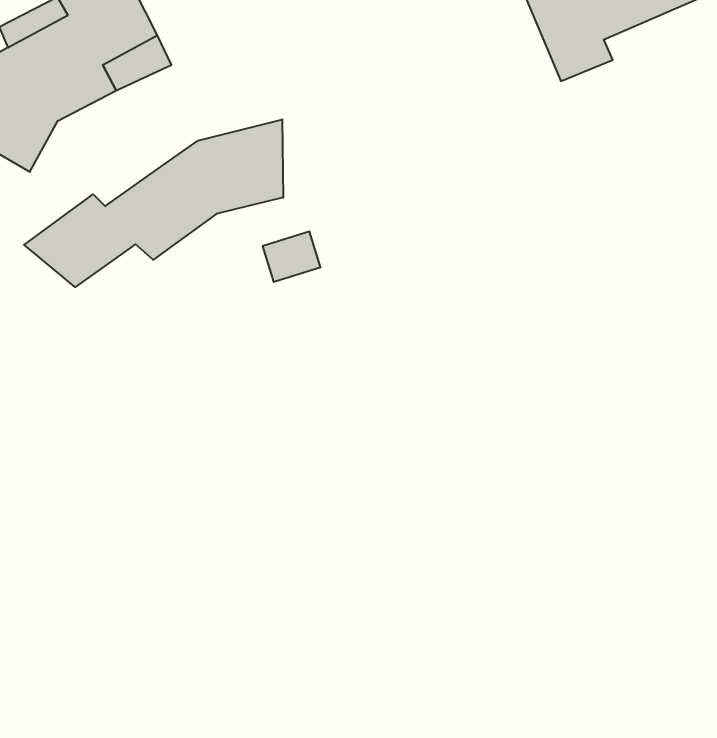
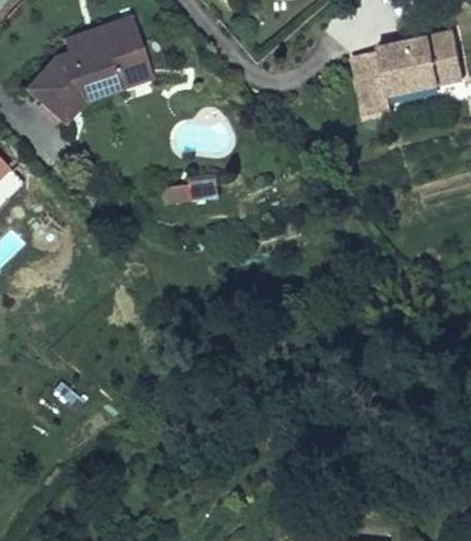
building: [24,119,283,287] -> none

